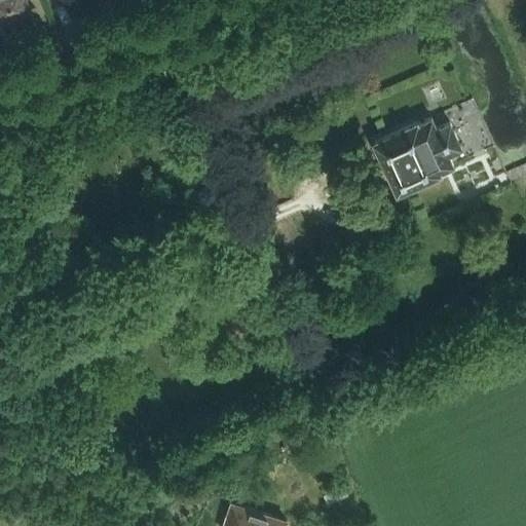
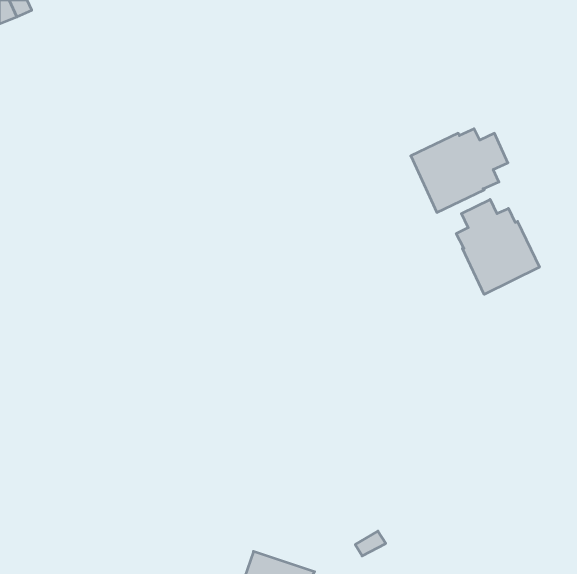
building: none -> [456,199,539,294]

